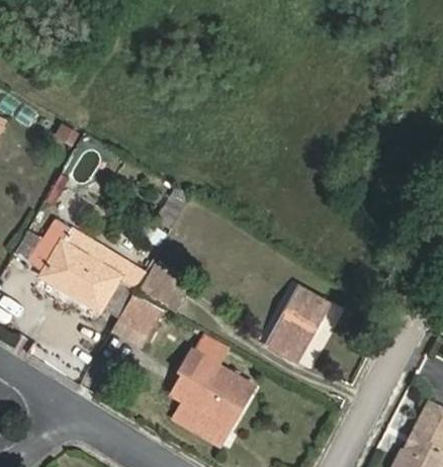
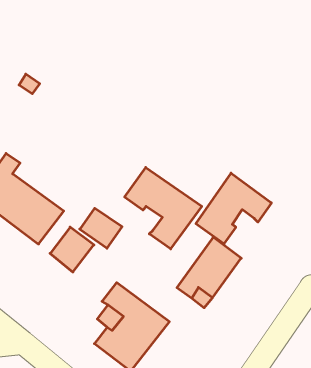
building: none -> [196,173,271,244]
building: none -> [125,167,202,249]

